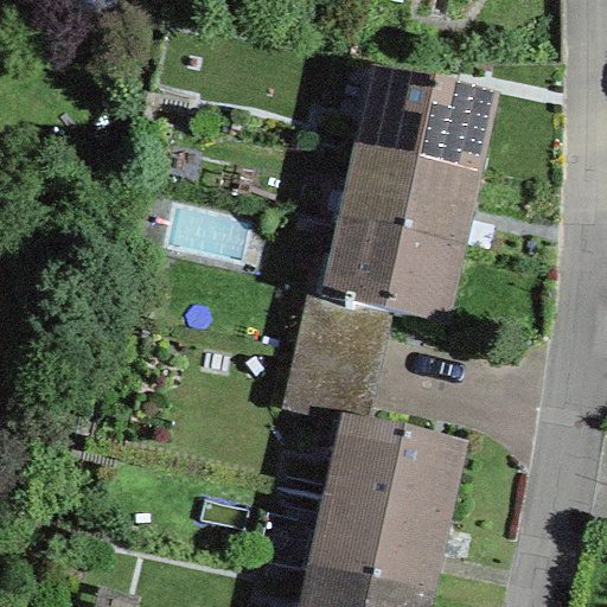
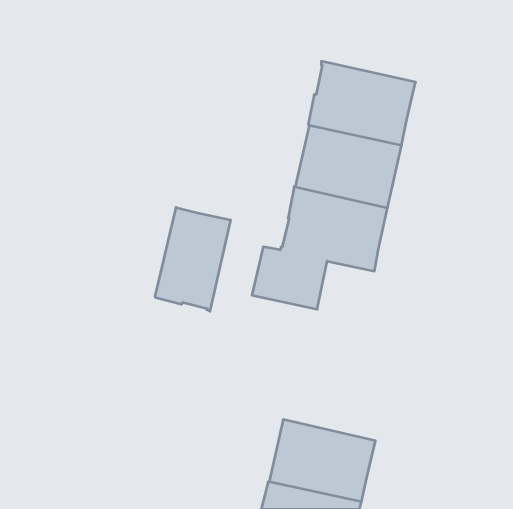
building: none -> [155,207,231,311]
building: [286,349,460,520] -> none

